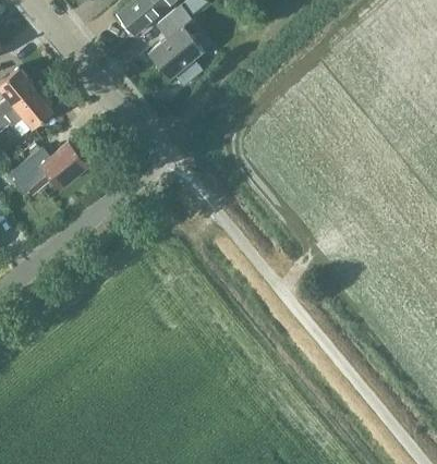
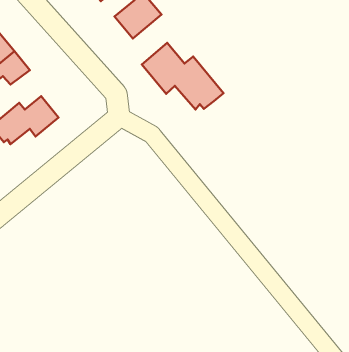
building: none -> [142,43,224,109]

